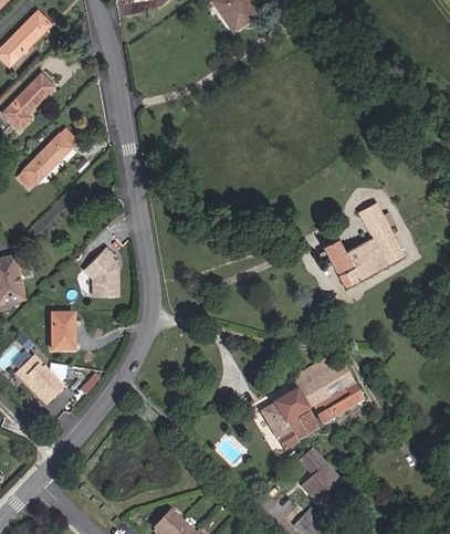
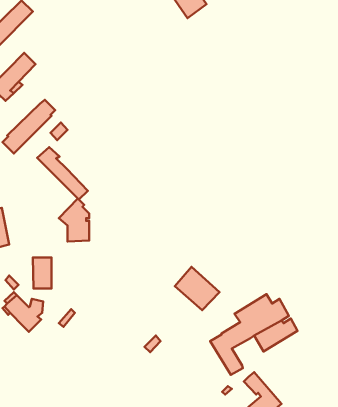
building: none -> [37,147,88,200]
building: [317,202,406,290] -> none
building: none -> [175,267,220,310]
building: [285,409,318,441] -> none

